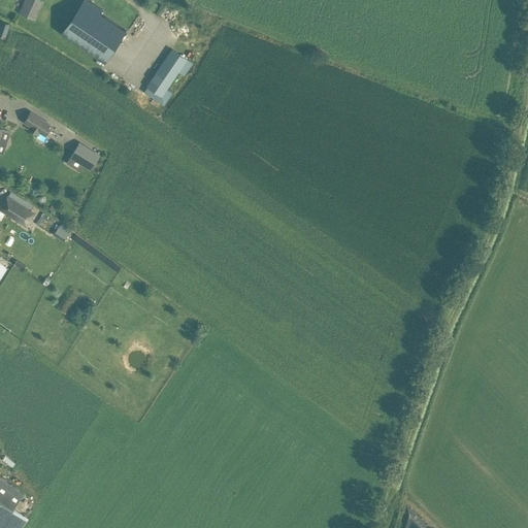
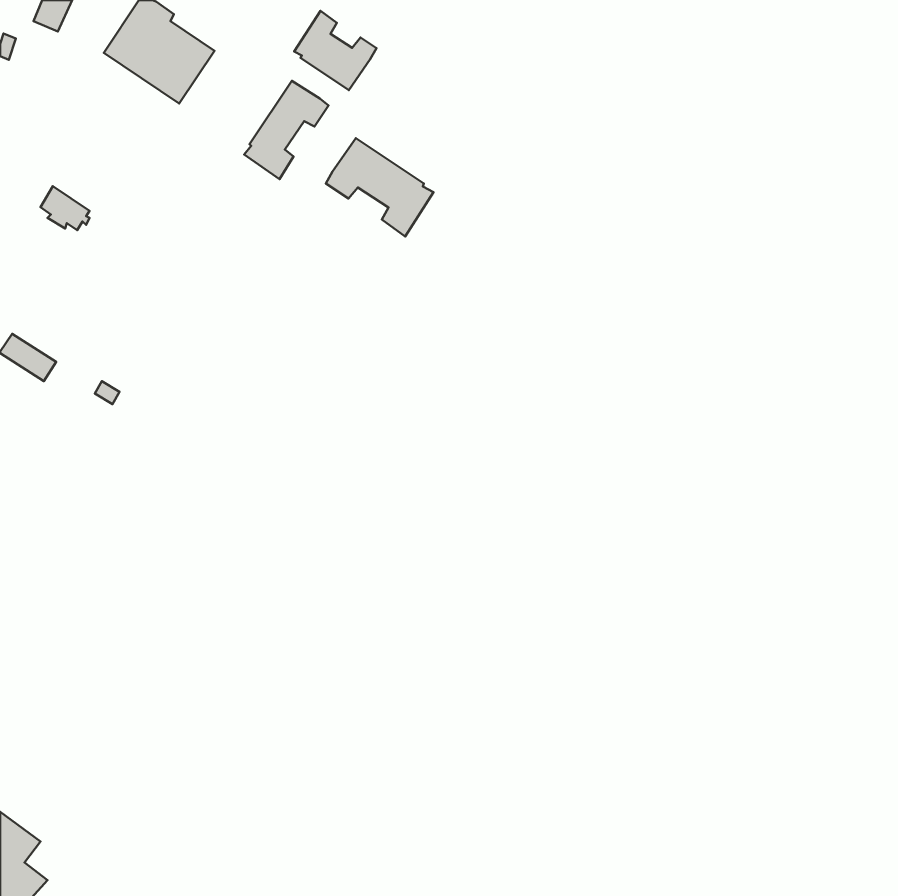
building: none -> [294,11,377,90]
building: none -> [326,138,433,236]
building: [71,143,100,170] -> none

